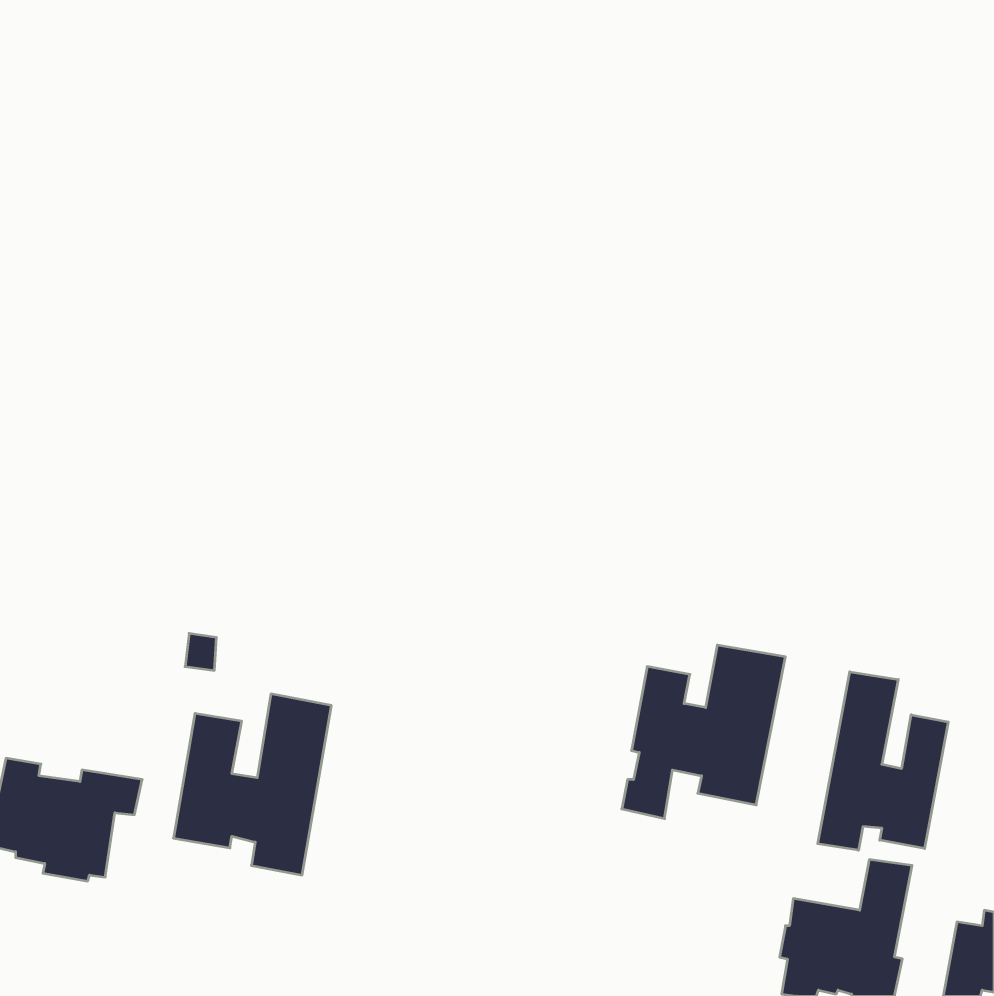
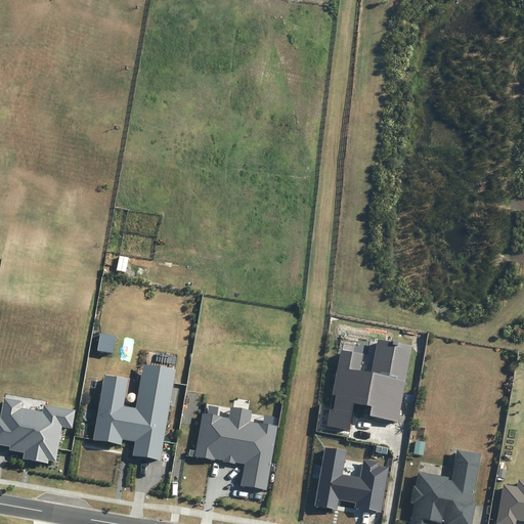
building: [818,672,948,850] -> none
building: none -> [195,406,276,490]
building: none -> [314,447,388,513]

